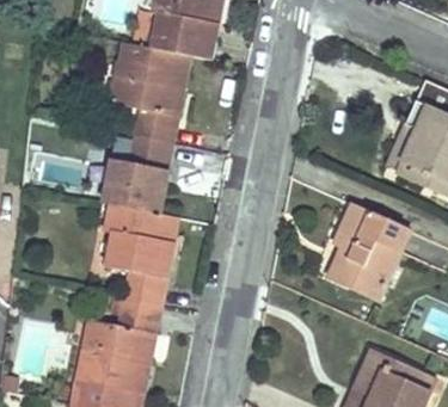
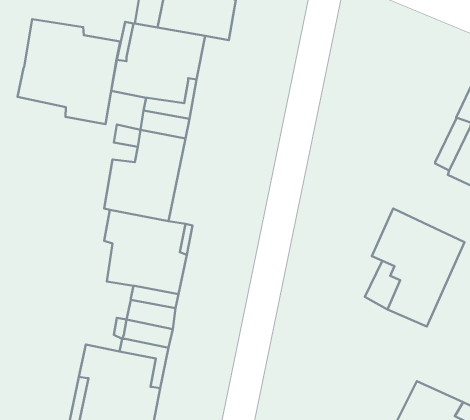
building: none -> [18,19,120,124]

